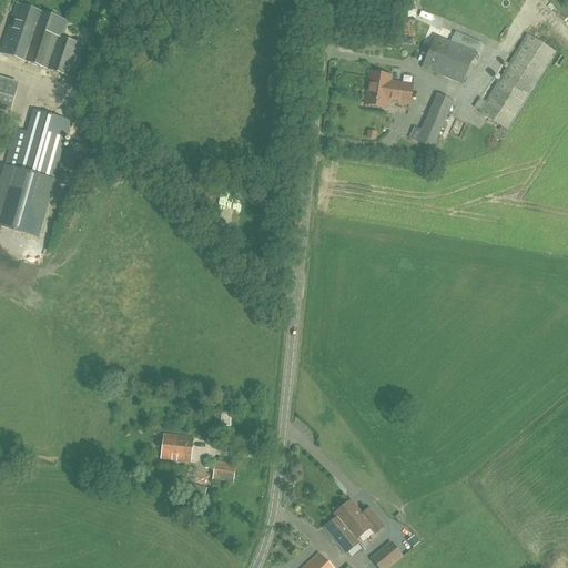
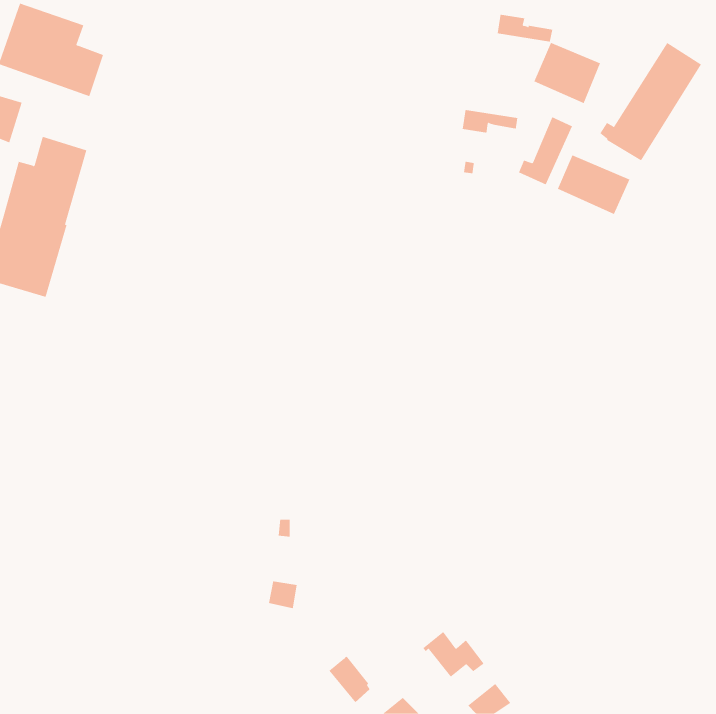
building: [367,71,412,93] -> [497,14,553,42]
building: none -> [557,154,630,215]
building: [160,432,192,460] -> none
building: [324,514,357,551] -> [328,655,371,703]

